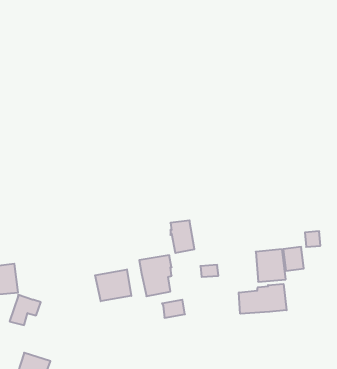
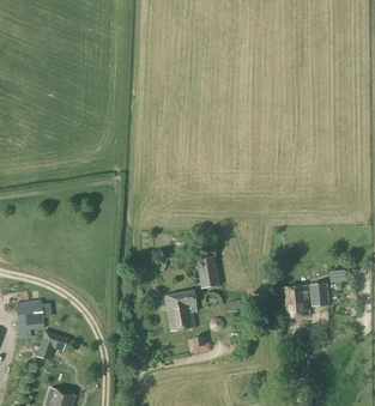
building: [95,269,131,301] -> none
building: [239,284,287,314] -> none

